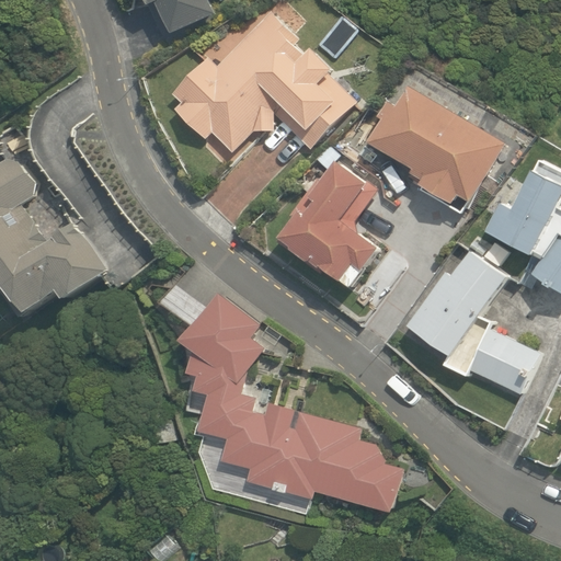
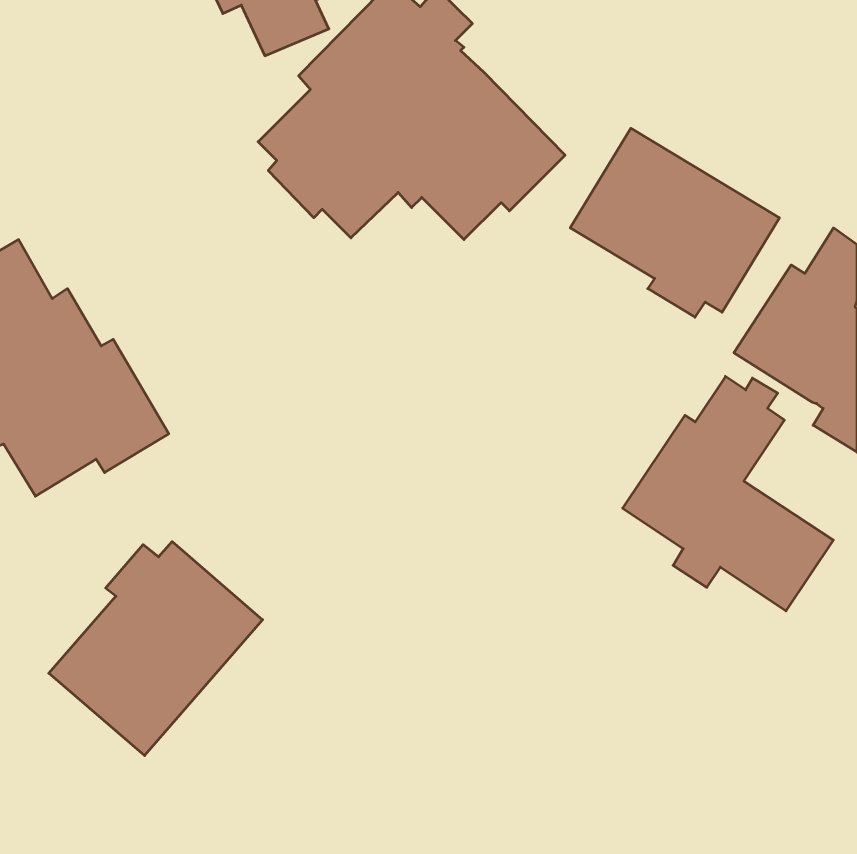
building: [278,161,382,294] -> none
building: [156,279,402,517] -> none
building: none -> [49,542,263,756]

